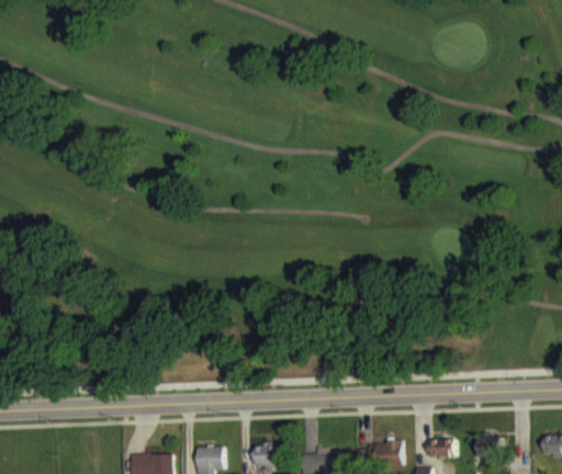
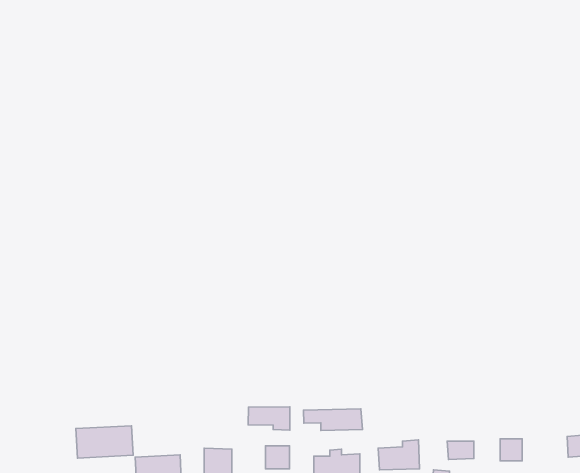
building: none -> [248,407,290,430]
building: none -> [304,409,363,431]
building: none -> [76,426,133,458]

